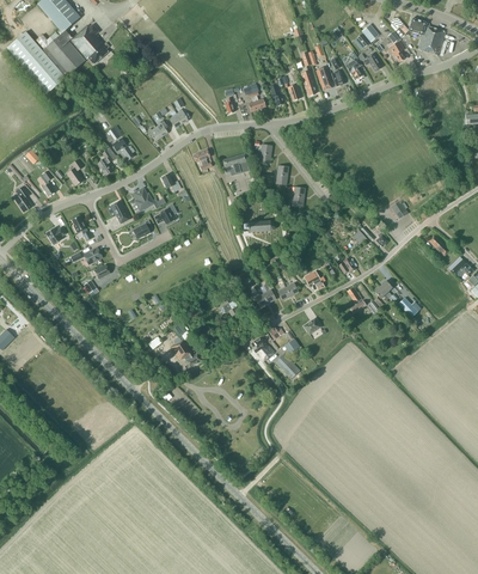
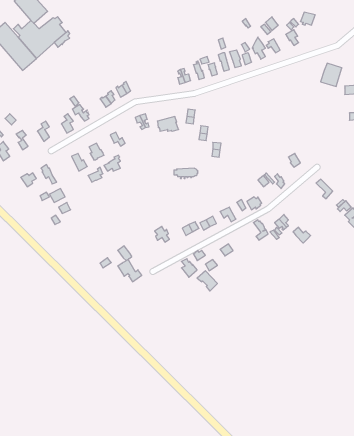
building: [417,25,445,55] -> [321,63,342,86]

